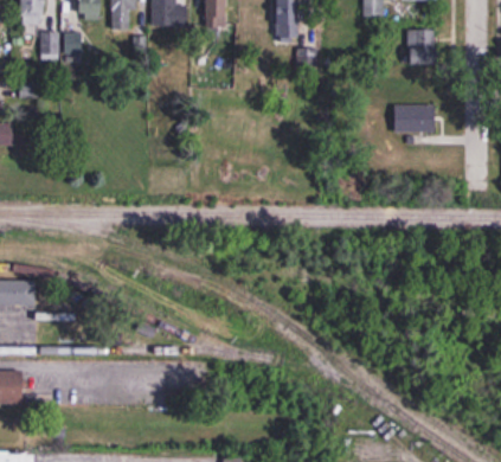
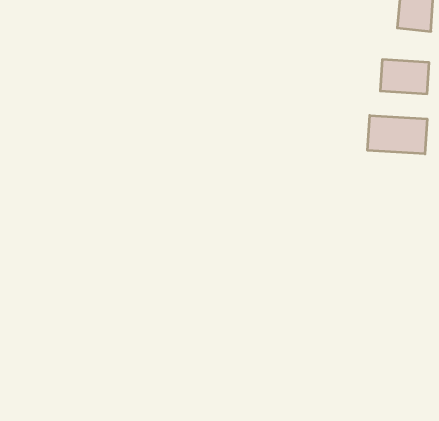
building: none -> [368,115,427,154]

